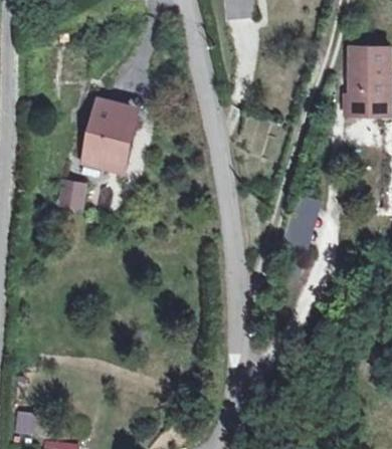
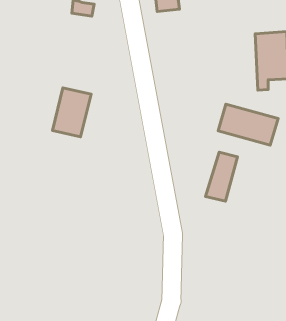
building: none -> [218,104,278,145]
building: [57,179,90,212] -> none

